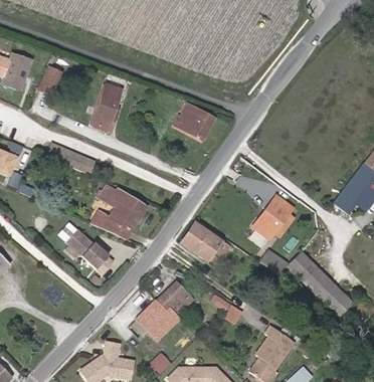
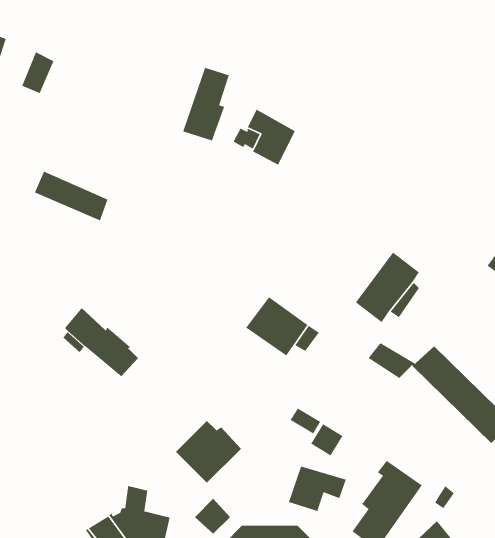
building: [92,83,123,131] -> [182,67,230,141]
building: [90,184,147,239] -> none
building: [158,281,194,316] -> none
building: none -> [288,466,347,512]

